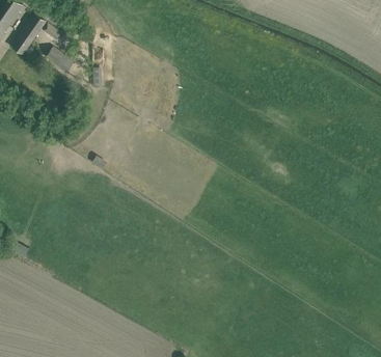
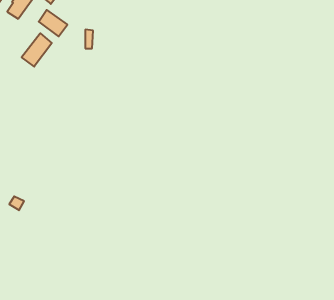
building: none -> [22,33,52,67]

